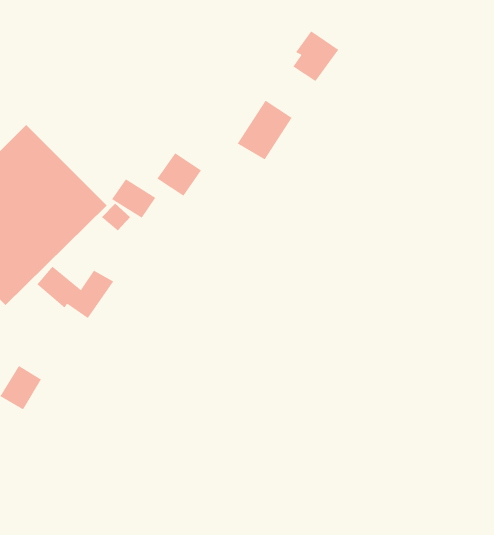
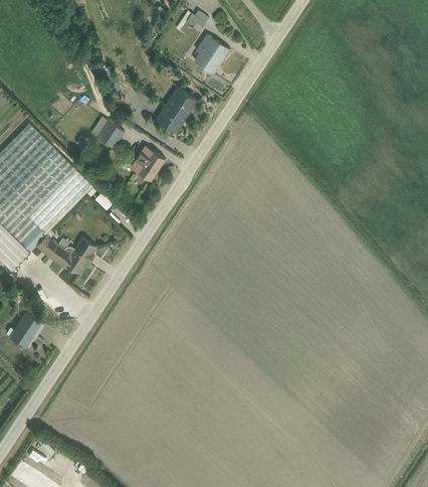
building: [293,30,339,82] -> [194,34,230,74]
building: [237,100,292,160] -> [154,85,197,132]
building: [111,179,156,219] -> [89,118,125,149]

